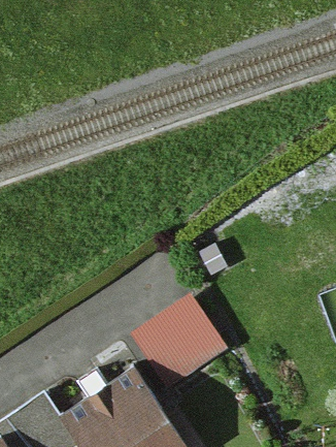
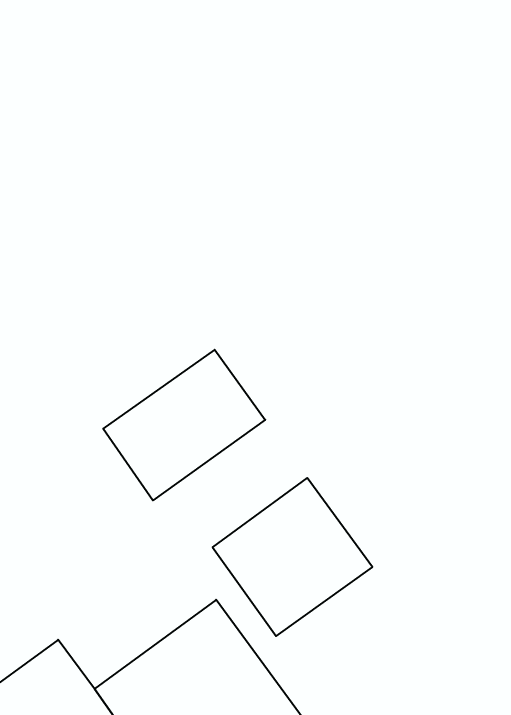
building: none -> [103,350,265,500]

